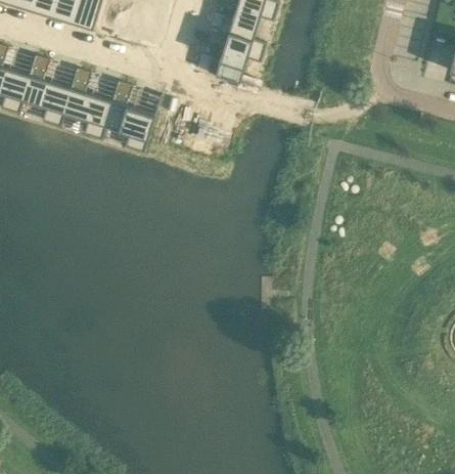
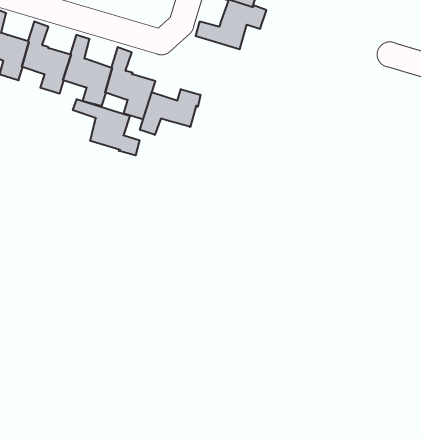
building: none -> [140,89,200,135]
building: none -> [73,99,140,155]

